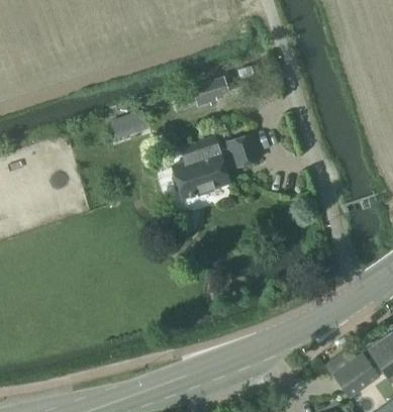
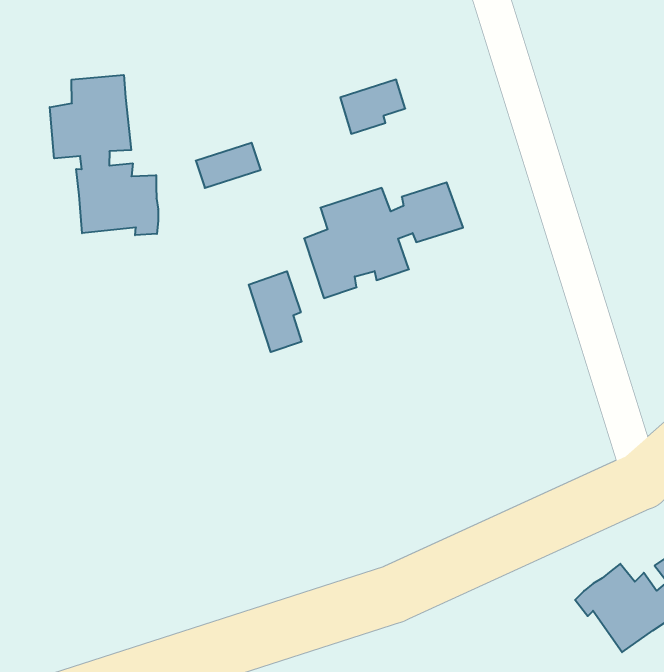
building: none -> [50,75,158,235]
building: none -> [249,271,302,352]

